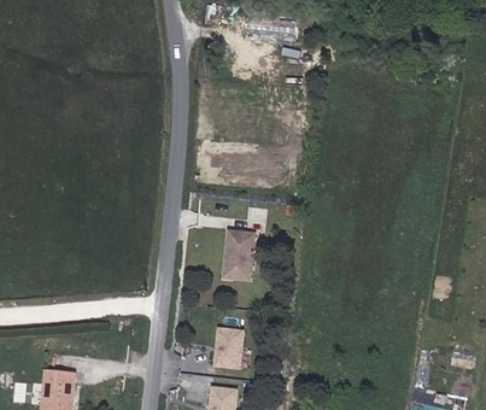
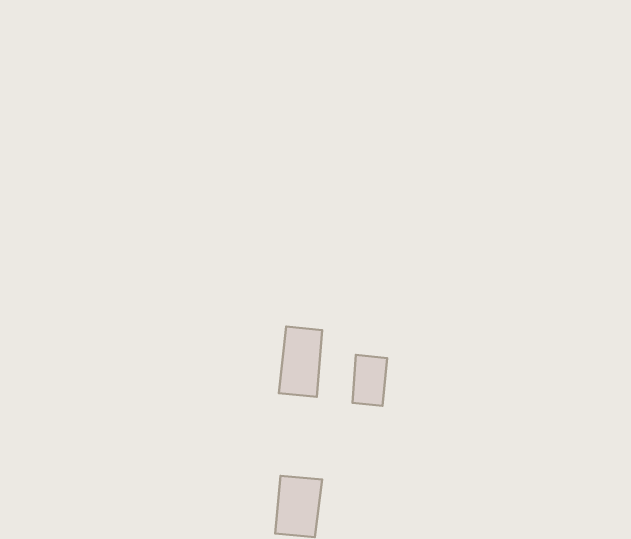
building: none -> [353,355,387,406]

